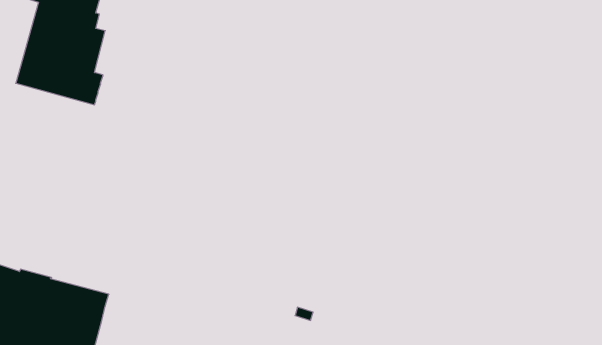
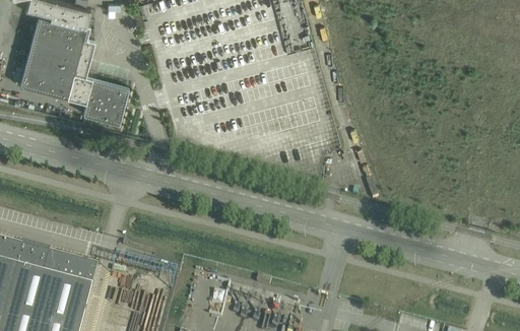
building: none -> [81,76,127,122]

